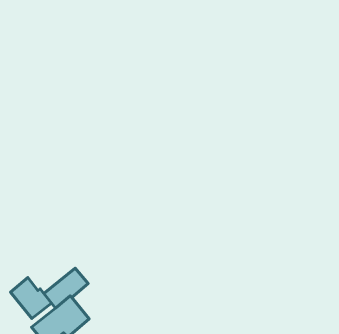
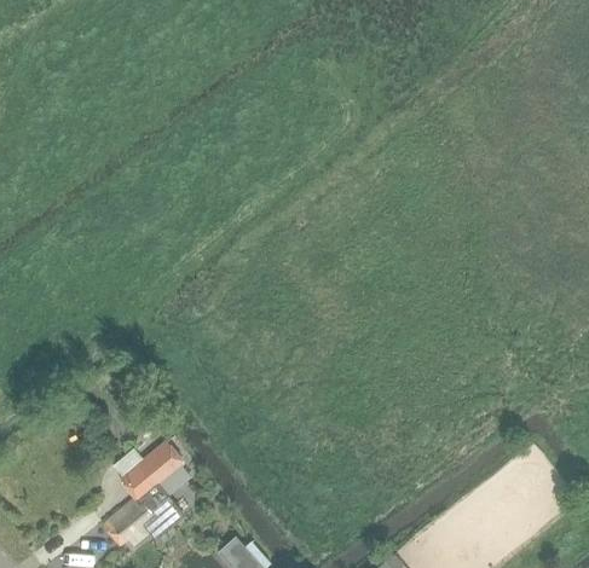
building: [10,278,51,319] -> none

